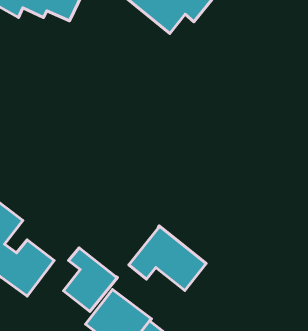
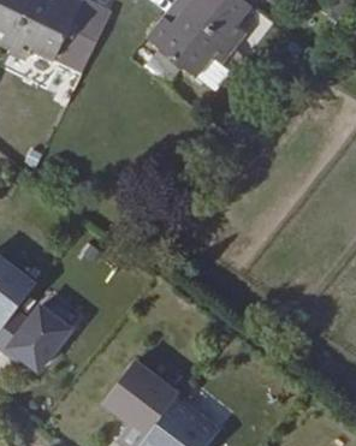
building: [129,226,206,290] -> none
building: [63,248,117,311] -> none

